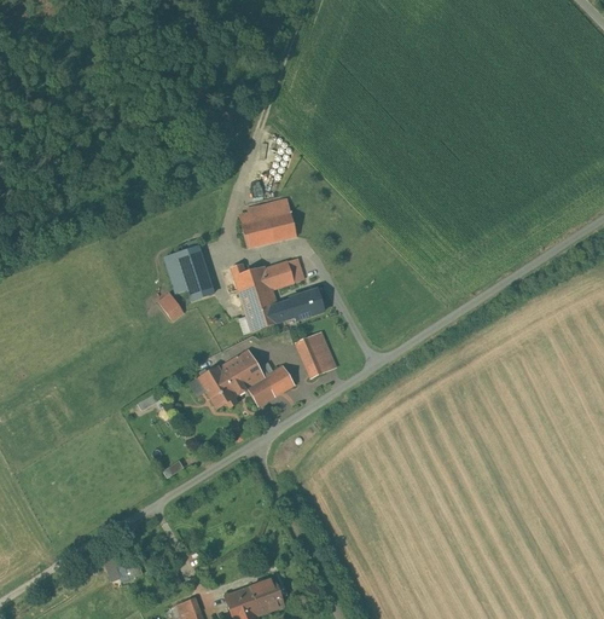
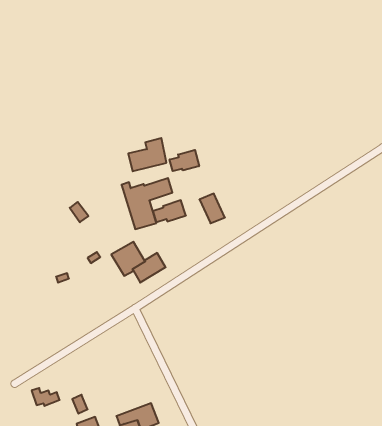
building: none -> [170,150,199,171]
building: [175,245,213,299] -> none
building: [296,334,332,376] -> [199,194,225,223]
building: [187,365,234,409] -> none

